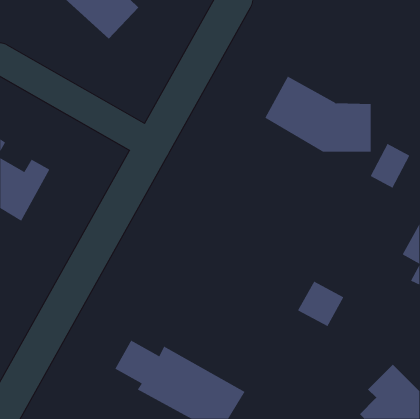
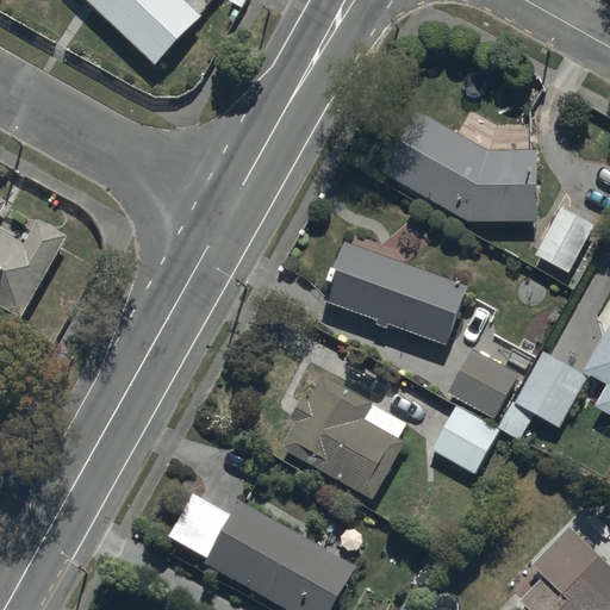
building: none -> [322,242,467,346]
building: none -> [448,349,518,417]
building: none -> [496,350,587,440]
building: none -> [281,376,406,499]

